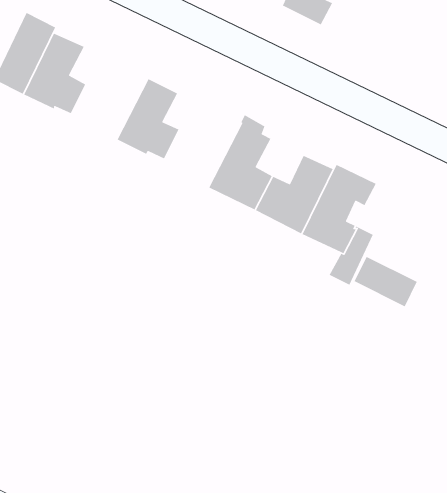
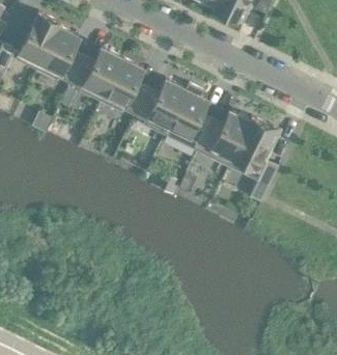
building: none -> [71,50,123,103]
building: none -> [135,81,188,136]
building: [353,256,418,307] -> none

